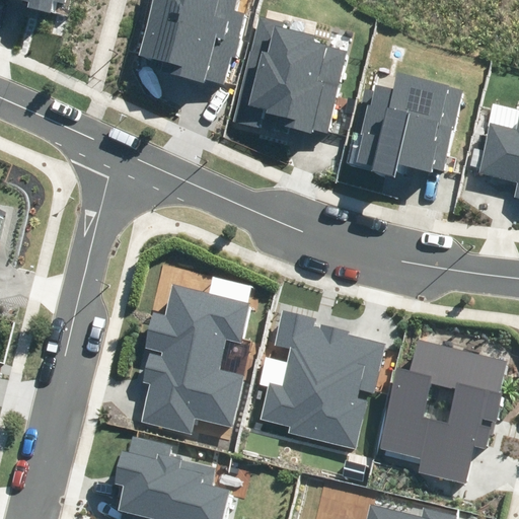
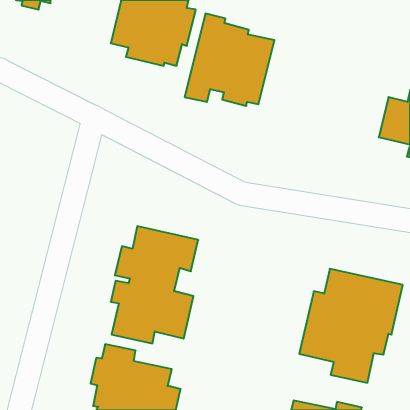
building: [354,72,463,177] -> none
building: [260,310,387,449] -> none

